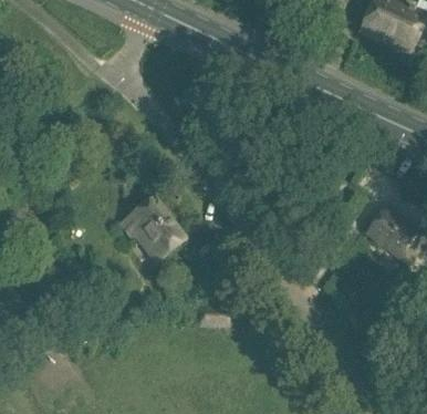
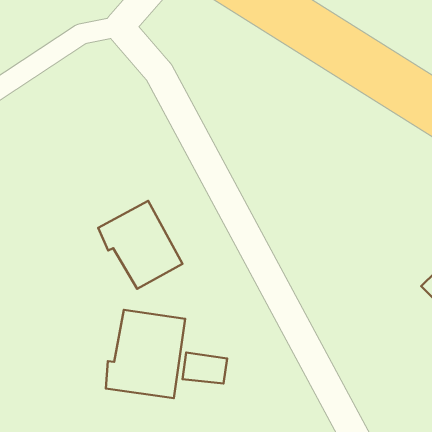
building: none -> [106,310,185,398]

